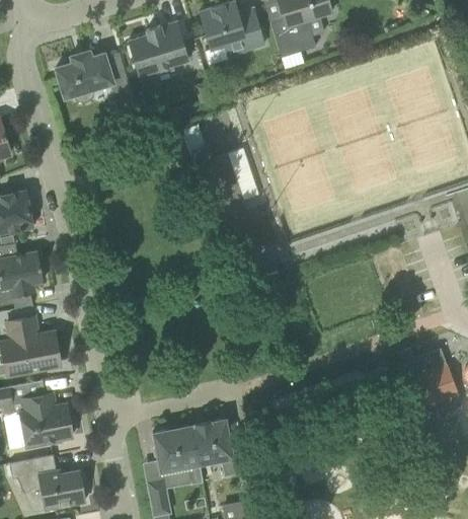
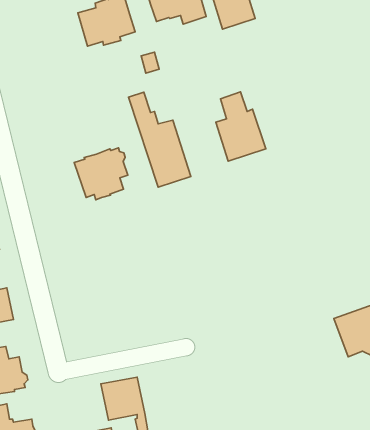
building: [56,50,138,119] -> none
building: none -> [216,92,266,161]
building: none -> [74,148,128,200]
building: [191,418,250,476] -> none

